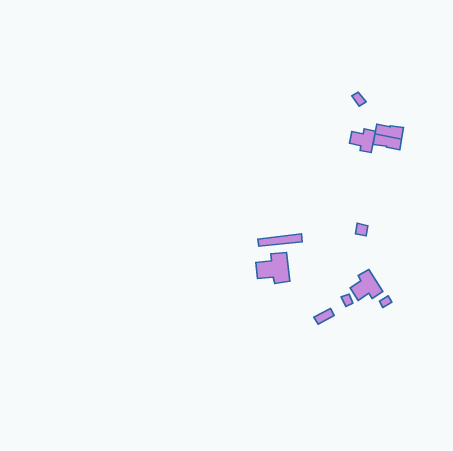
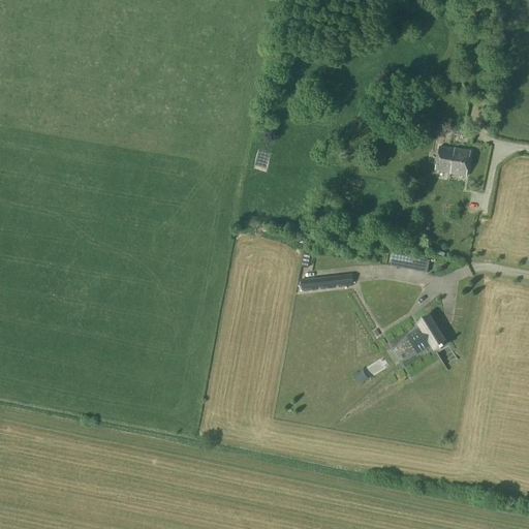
building: [349,129,375,152] -> none
building: [256,252,290,283] -> none

